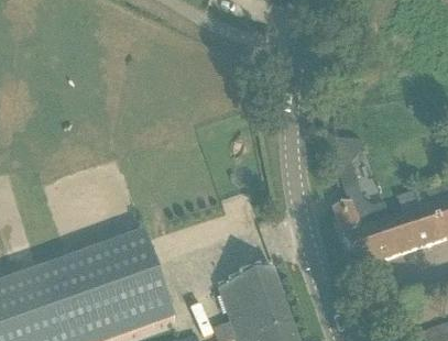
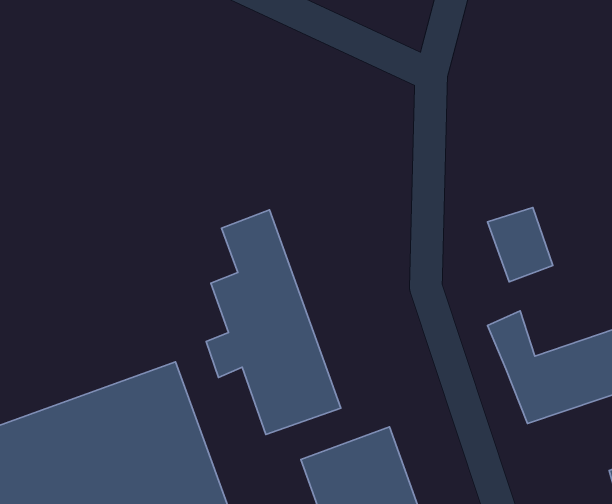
building: none -> [206,210,341,434]

